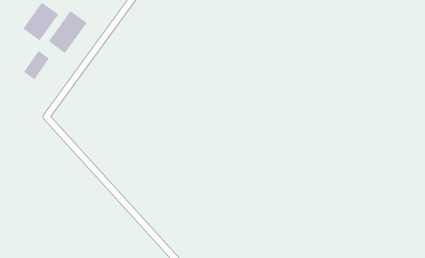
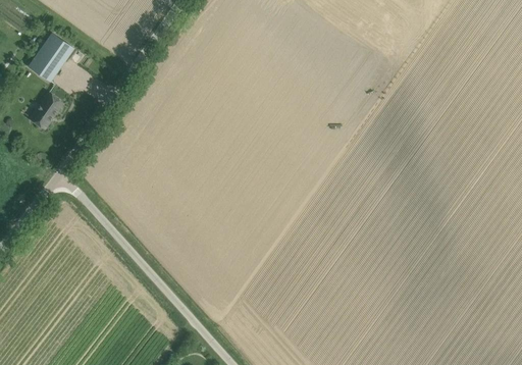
building: [48,10,87,54] -> none

